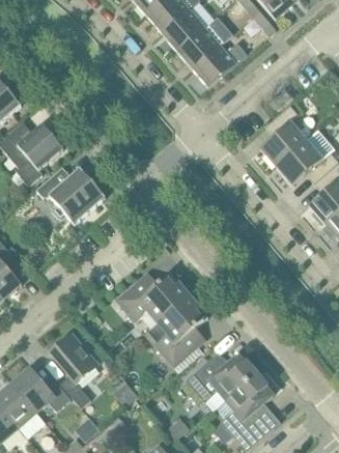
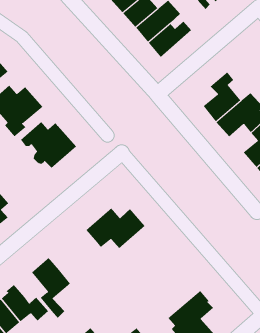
building: [145,294,208,366] -> none
building: [186,353,257,407] -> none

